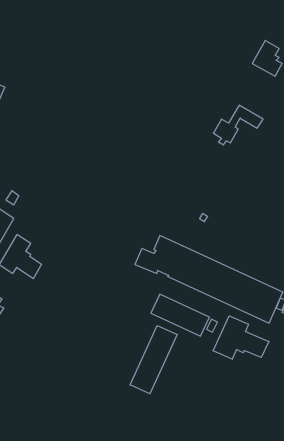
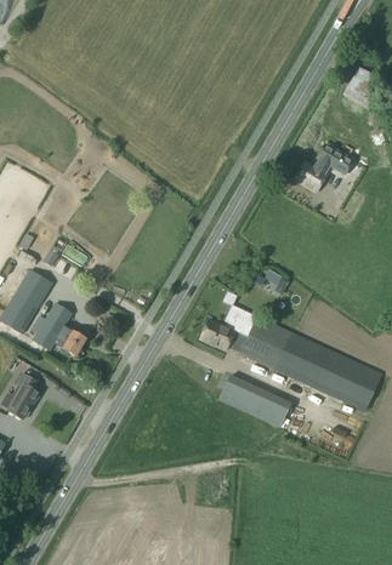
building: [213,316,269,359] -> none
building: [130,326,177,394] -> none

